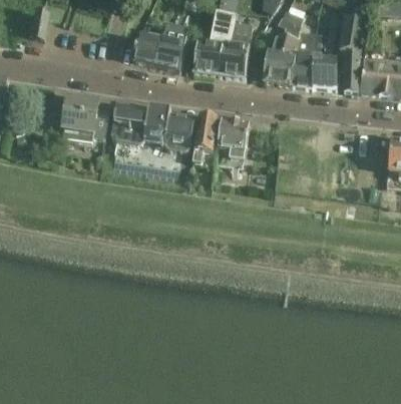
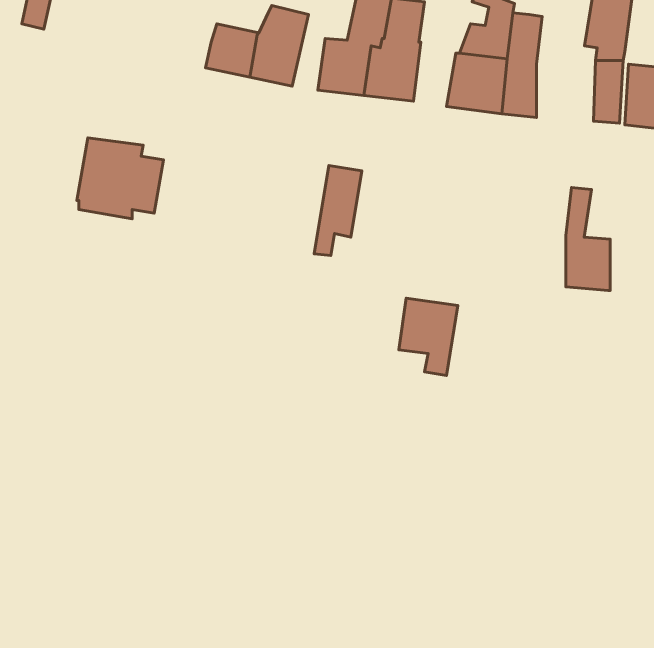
building: [312,31,336,87] -> [566,188,610,291]
building: [110,101,194,149] -> none
building: [217,116,249,158] -> [399,298,458,375]

